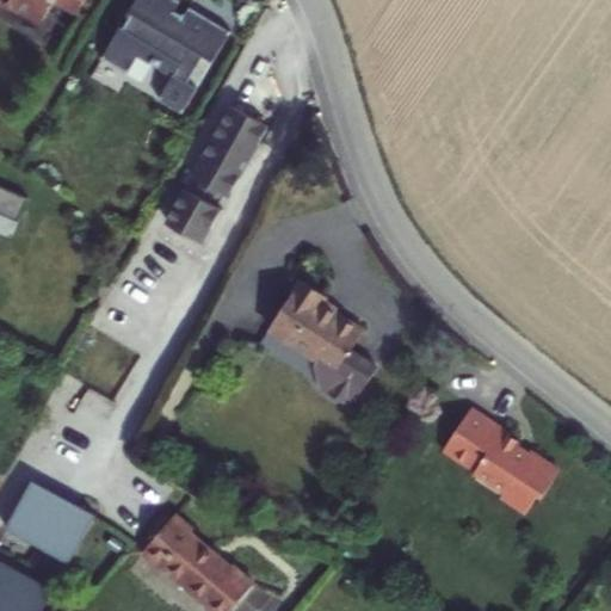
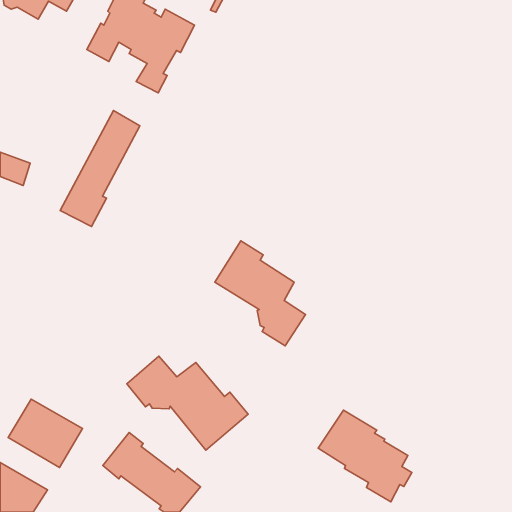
building: [173,105,267,242] -> [60,111,140,226]
building: [422,407,533,516] -> [318,410,412,502]
building: none -> [127,356,248,450]

